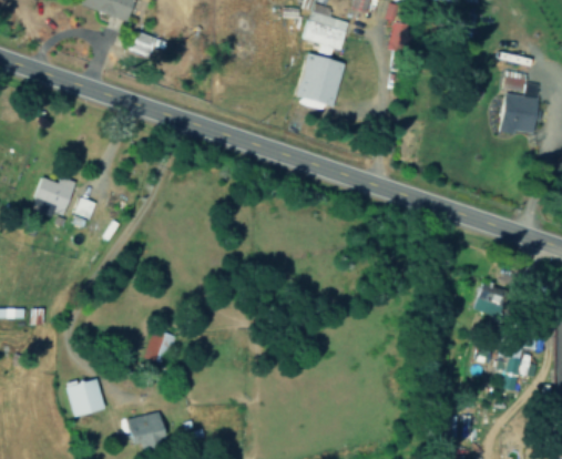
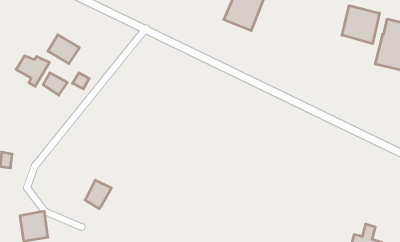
building: none -> [342,6,380,44]
building: none -> [48,35,79,64]
building: [477,287,503,315] -> none

